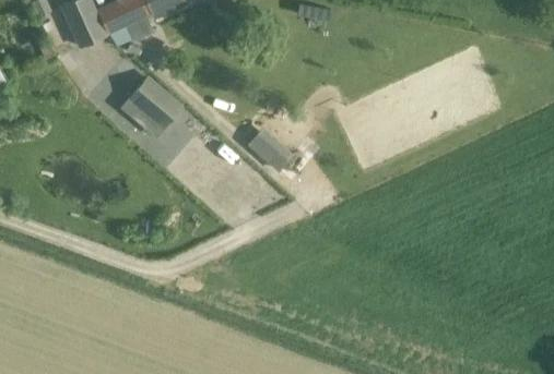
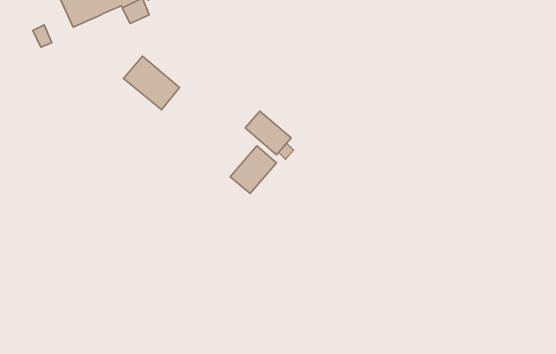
building: none -> [230,146,276,194]

